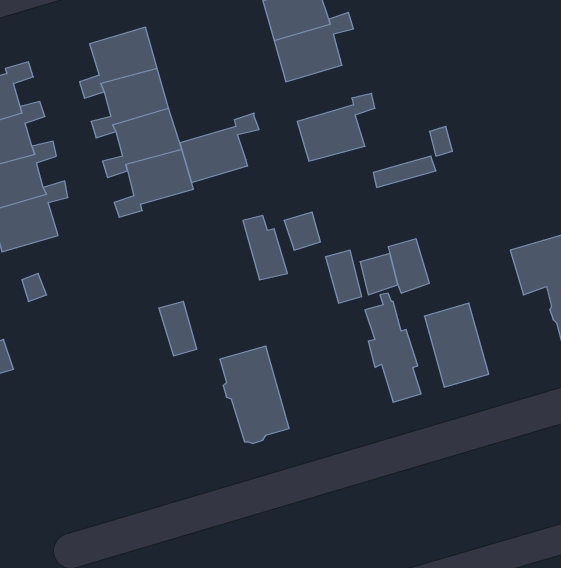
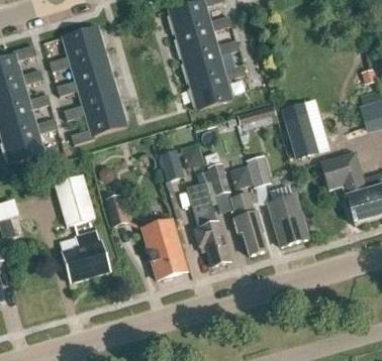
building: [180,113,259,182] -> [183,40,231,83]
building: none -> [285,113,318,157]
building: none -> [54,174,95,226]
building: none -> [187,181,228,265]
building: none -> [61,229,110,281]

